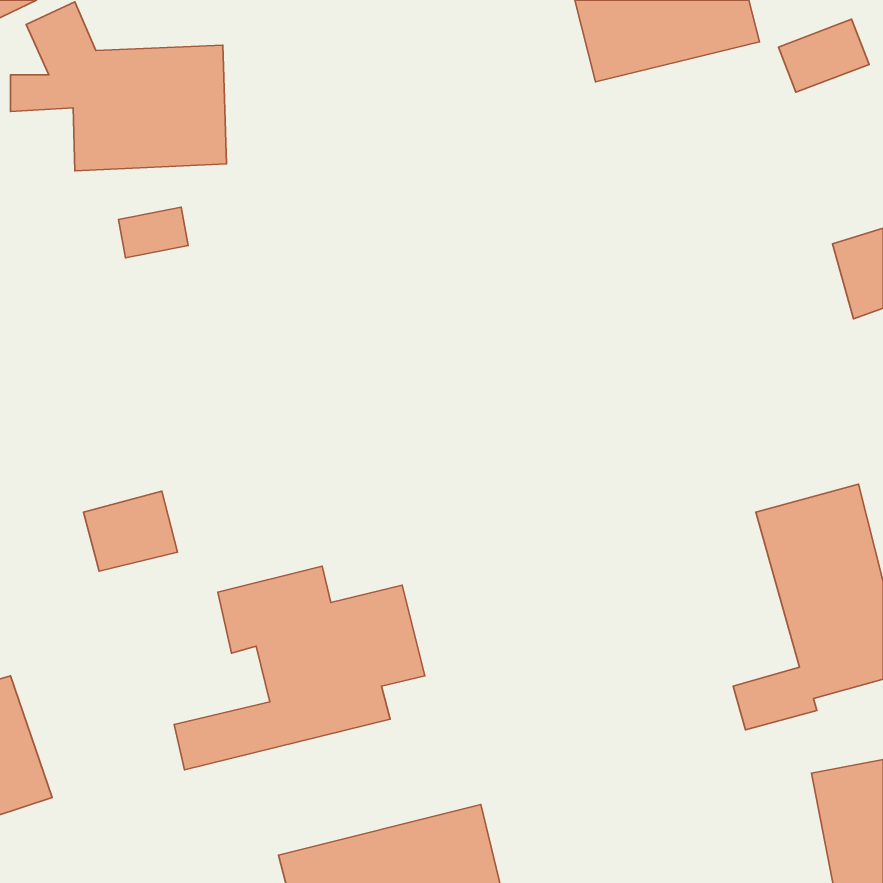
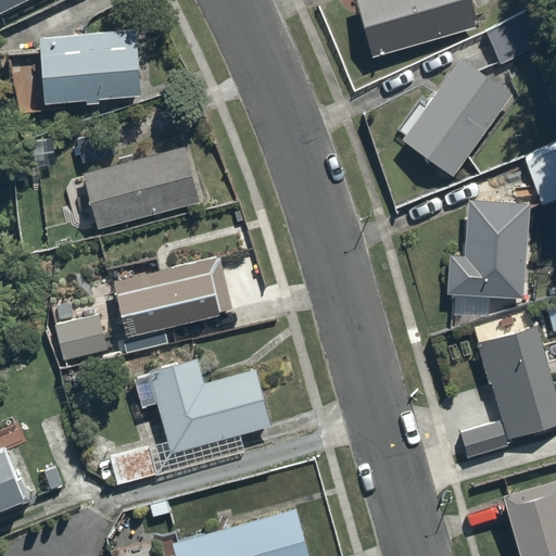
building: none -> [399,52,520,179]
building: none -> [80,149,204,229]
building: none -> [446,193,526,302]
building: none -> [110,263,230,351]

